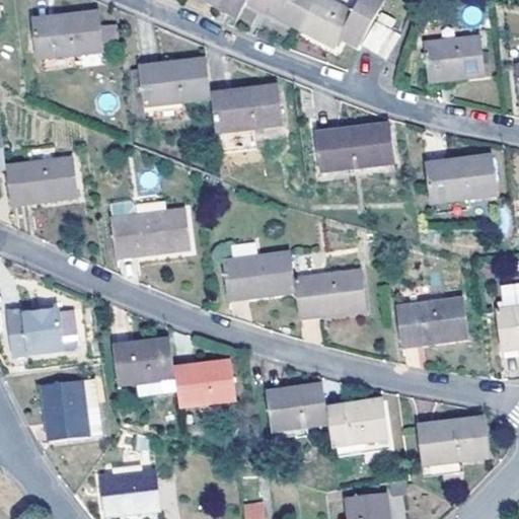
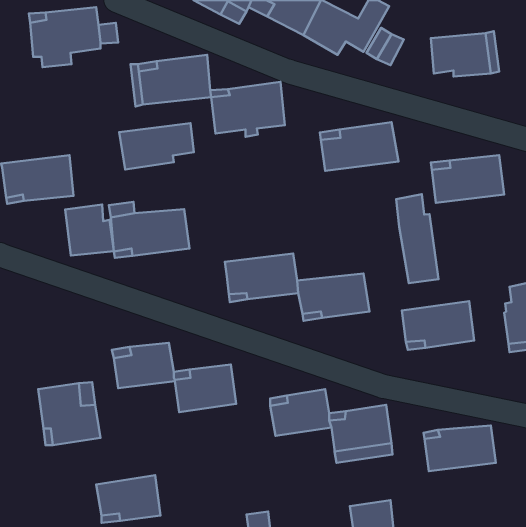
building: none -> [119,123,194,169]
building: none -> [396,194,439,283]
building: none -> [65,204,114,256]
building: [7,308,64,355] -> none

